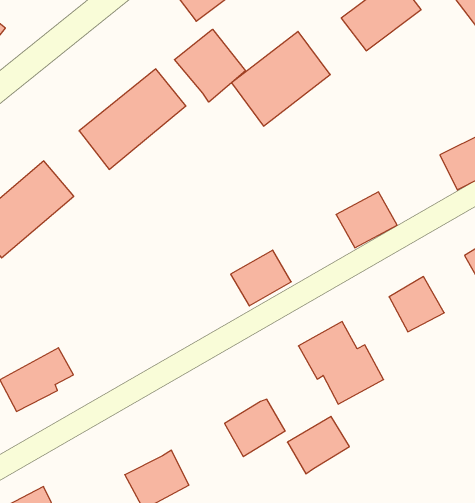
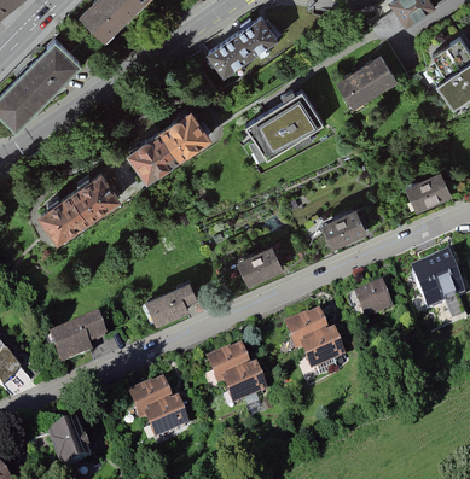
building: [174,29,246,102] -> none
building: none -> [146,288,198,332]
building: [287,416,349,474] -> [204,341,251,384]
building: none -> [127,379,173,416]

